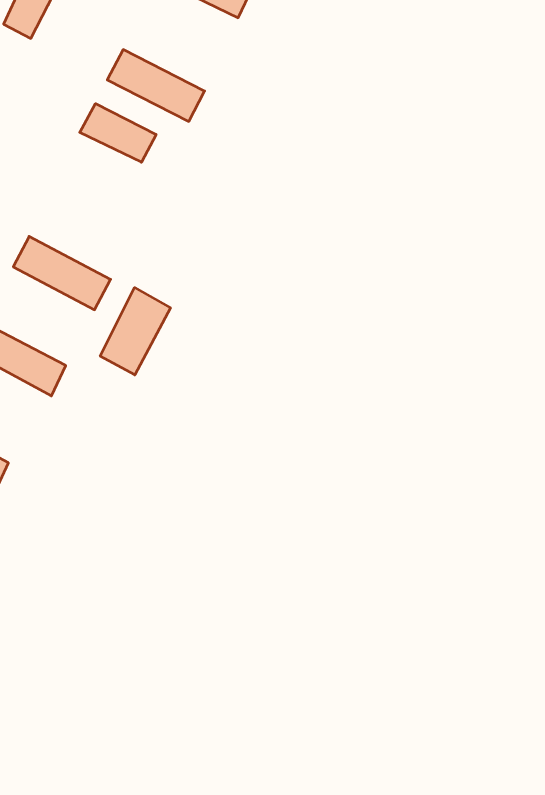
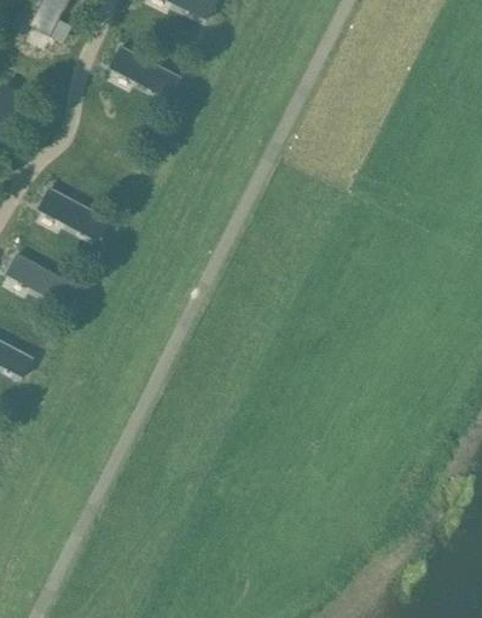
building: [80,104,156,162] -> none
building: [100,288,170,375] -> none

